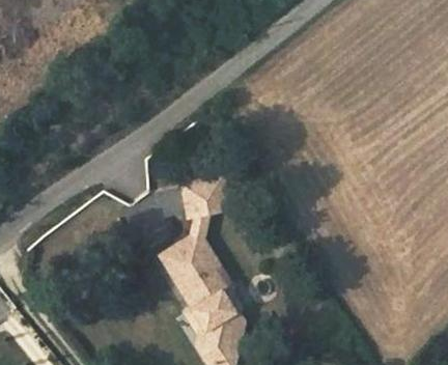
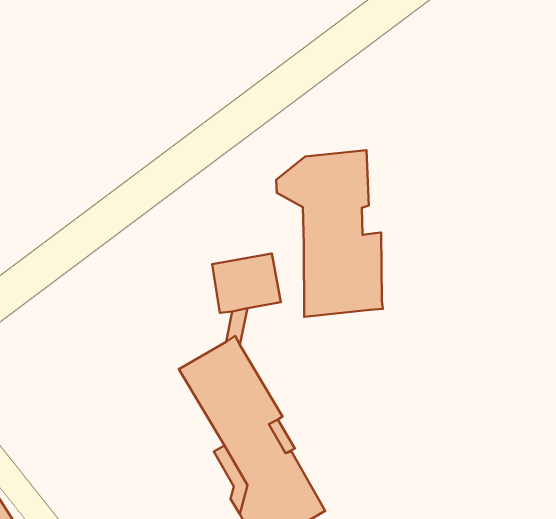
building: none -> [276,150,383,317]

